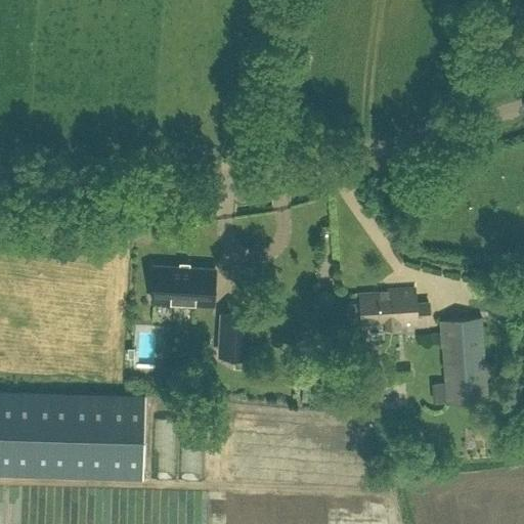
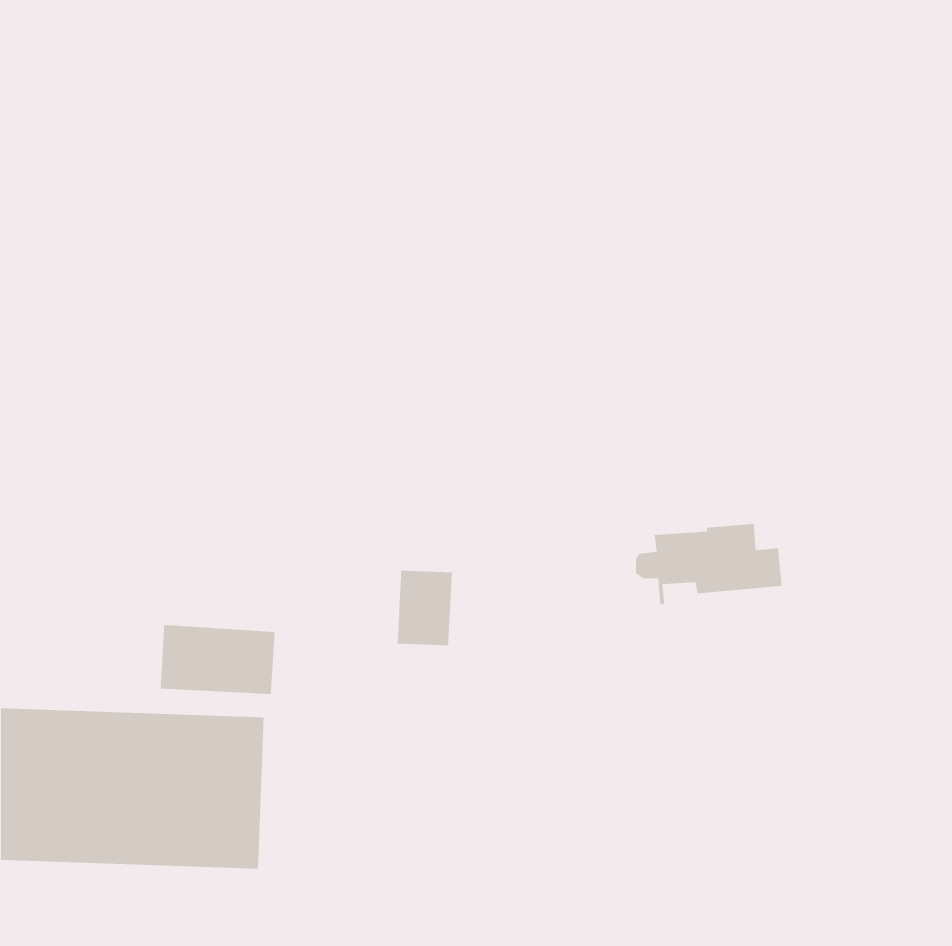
building: [151,266,215,305] -> [160,624,275,695]
building: [438,318,487,405] -> none

